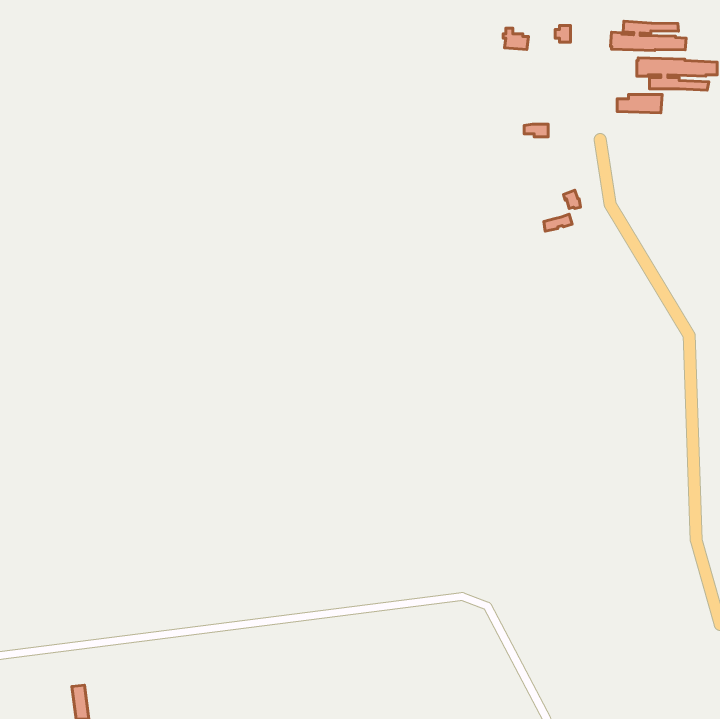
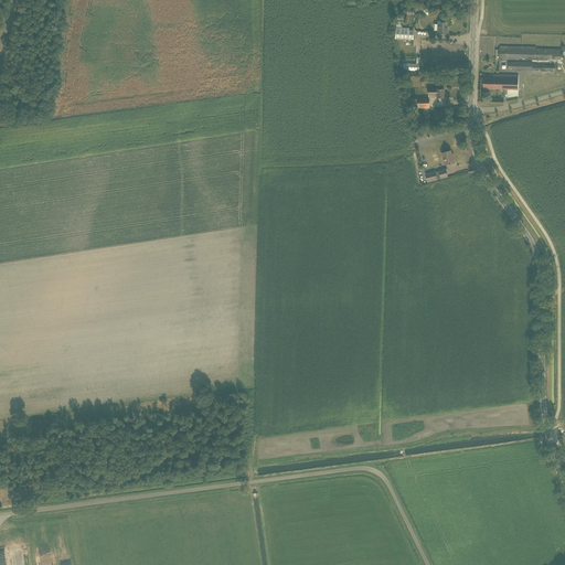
building: [610,21,686,51] -> none

